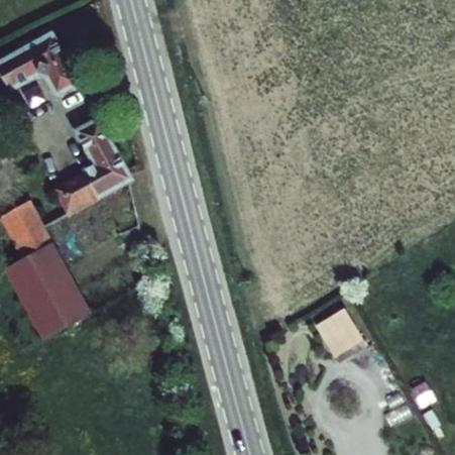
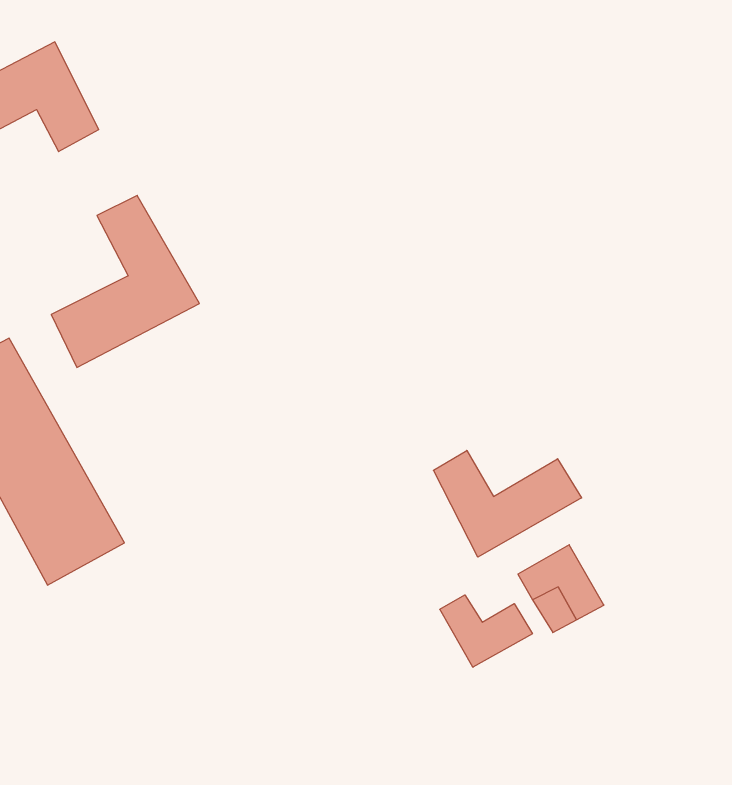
building: none -> [433,450,582,557]
building: none -> [440,595,532,667]

